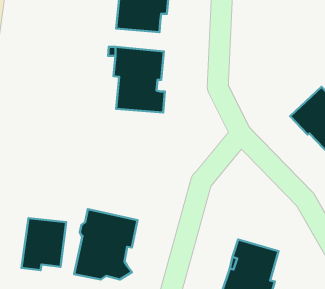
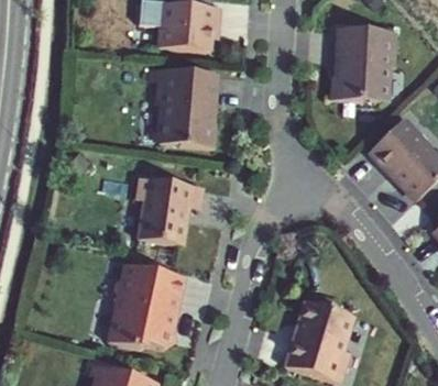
building: none -> [328,26,397,101]
building: none -> [136,177,201,244]
building: [22,218,66,270] -> none

